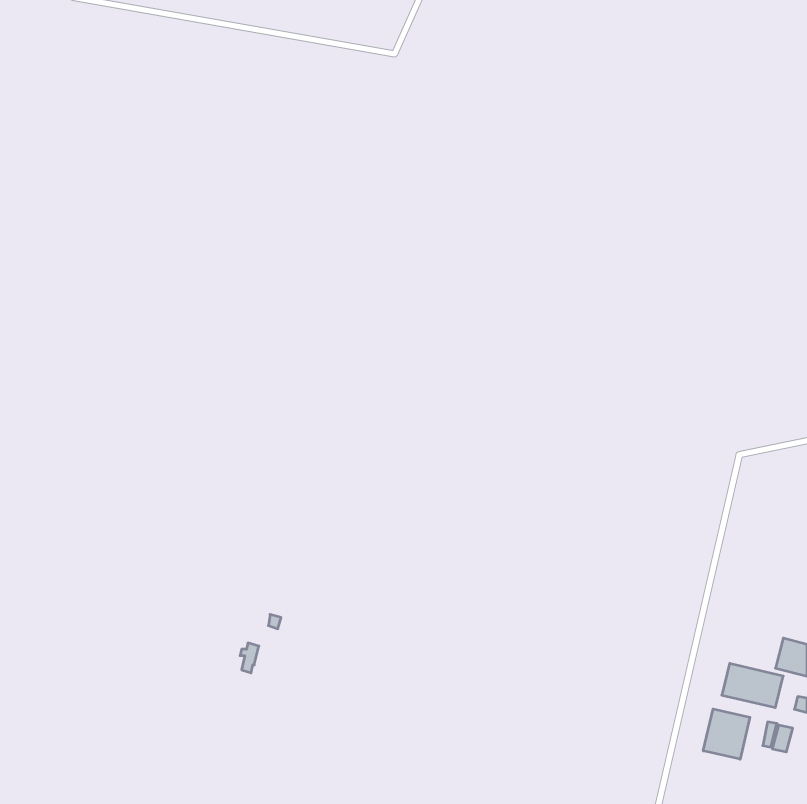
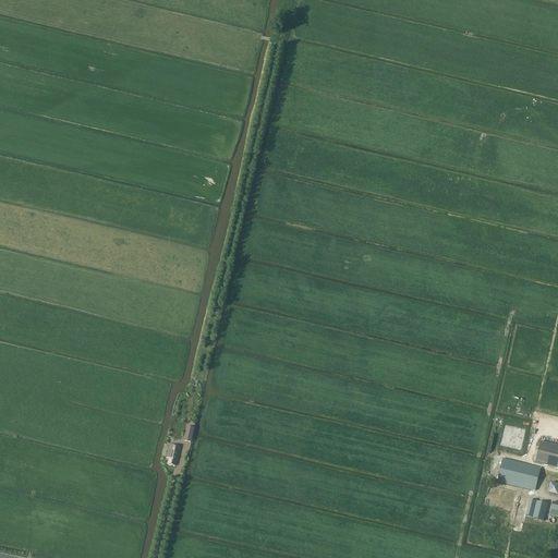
building: [703,709,750,759] -> none

